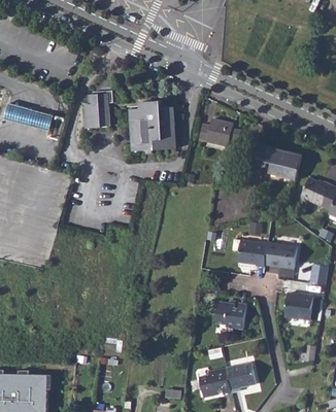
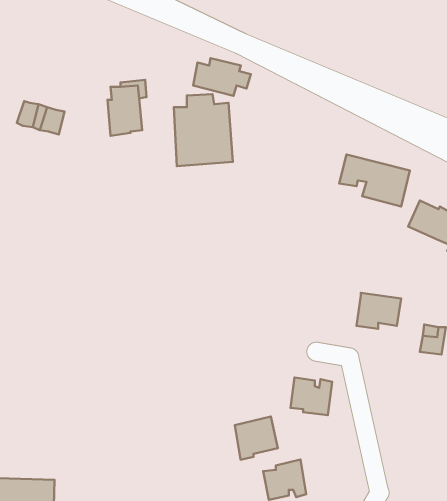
building: [199,118,240,145] -> [193,58,251,96]
building: [232,239,266,268] -> none
building: [283,295,312,320] -> none
building: [223,355,254,386] -> [235,416,278,460]

